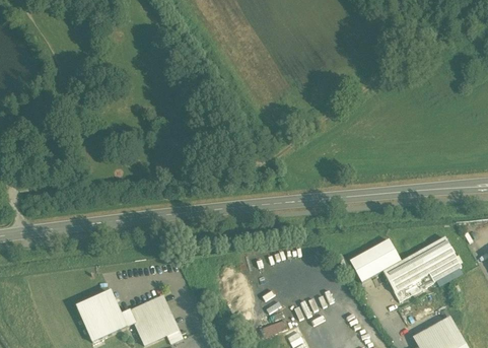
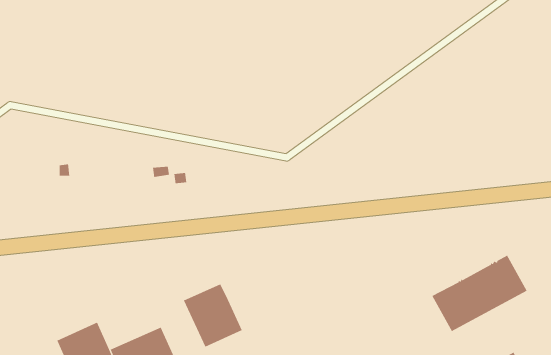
building: [349,237,401,282] -> none
building: none -> [183,283,243,348]

